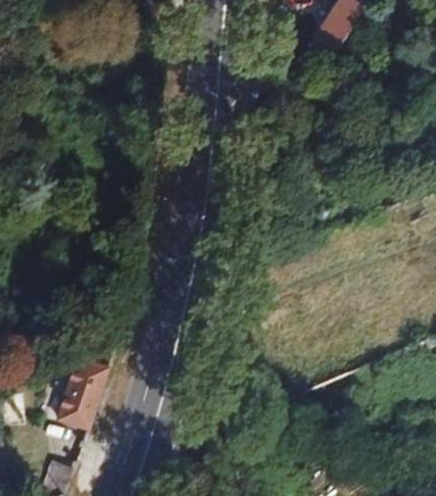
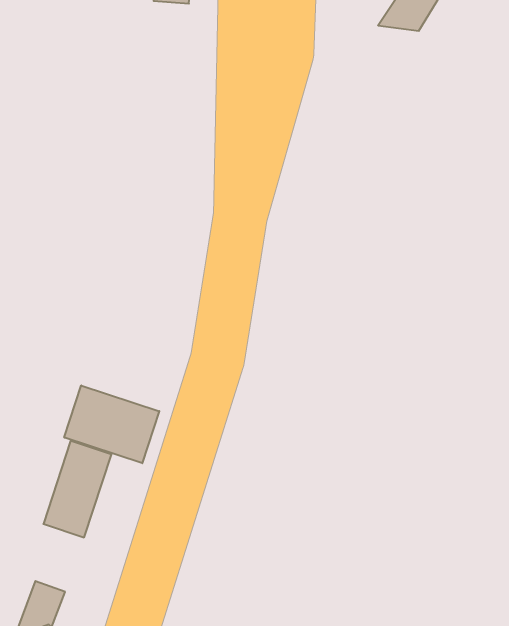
building: none -> [64,385,159,463]

